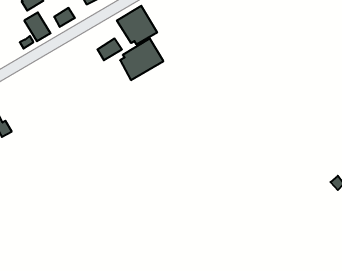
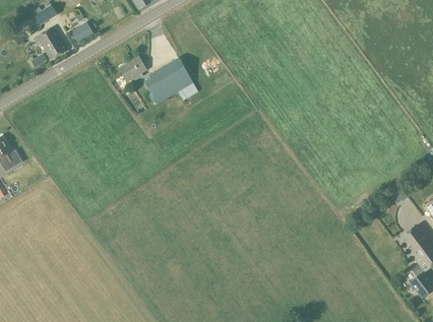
building: [117,6,157,44] -> none

